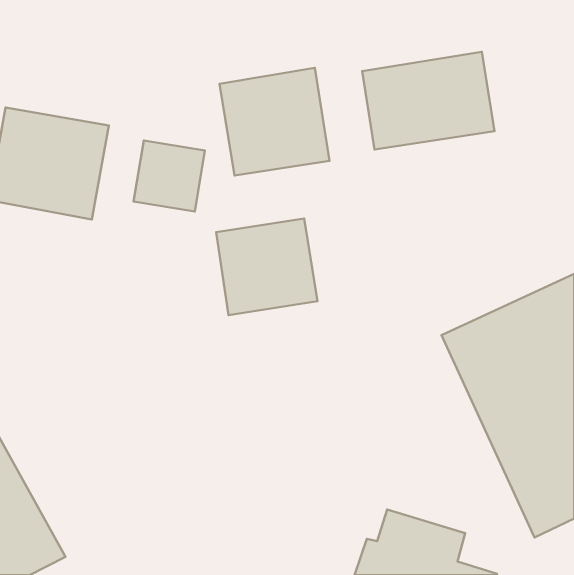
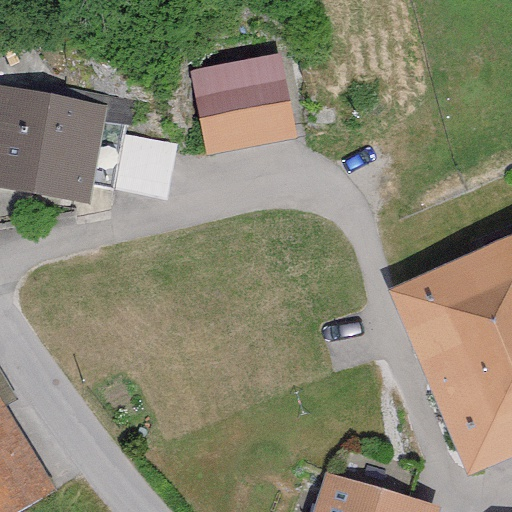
building: [362,52,494,149] -> none
building: [216,218,318,315] -> none

